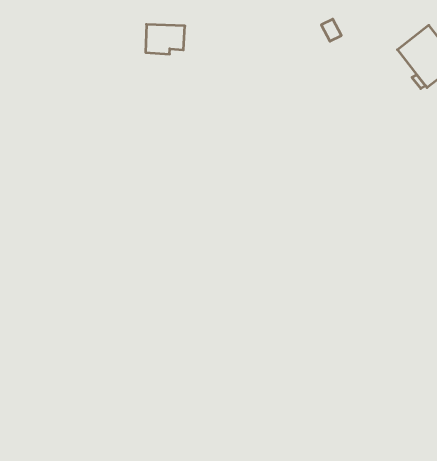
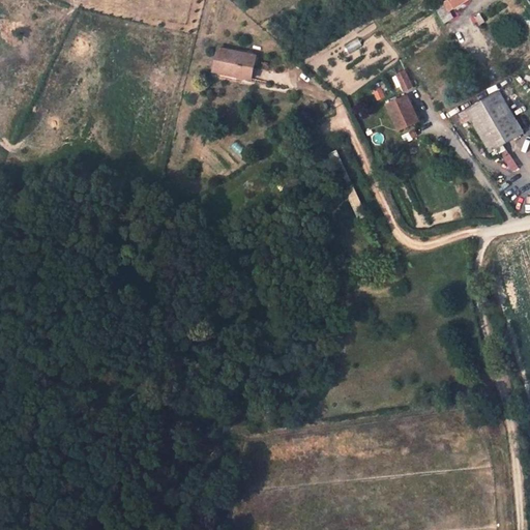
building: none -> [385,92,423,129]

